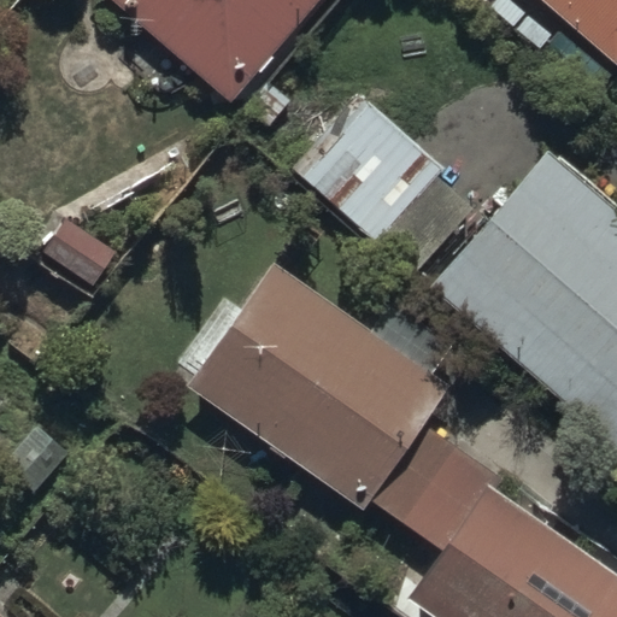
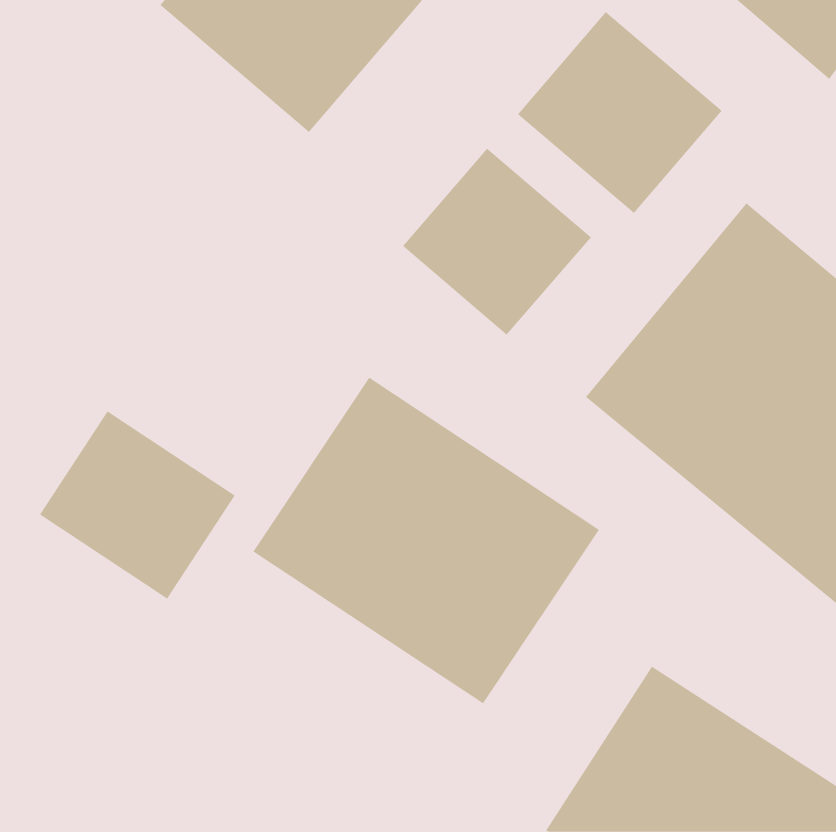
building: none -> [517,11,722,214]
building: none -> [39,411,236,600]

